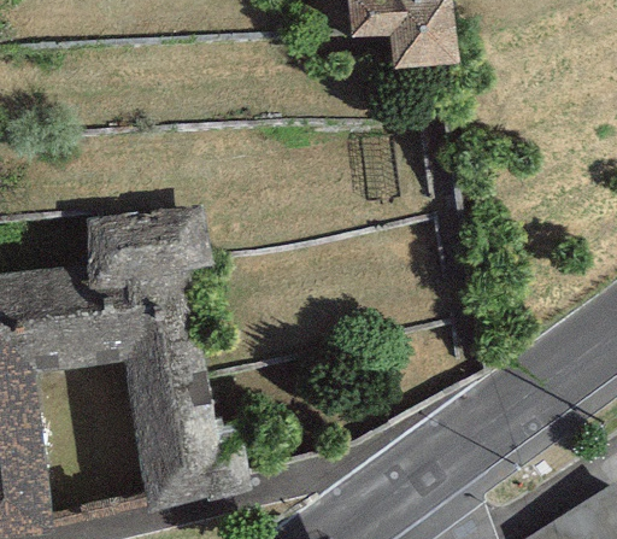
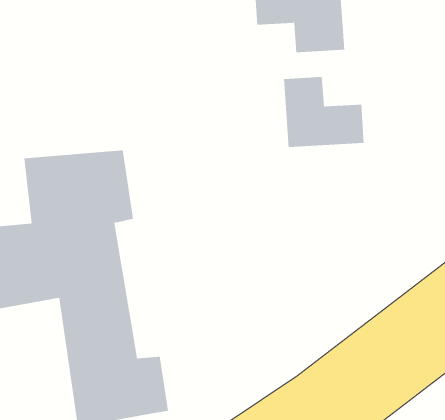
building: none -> [284,76,364,148]

